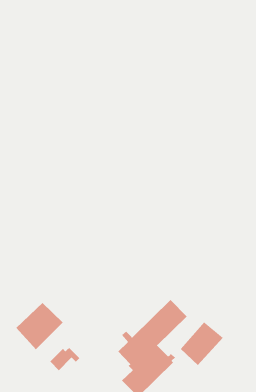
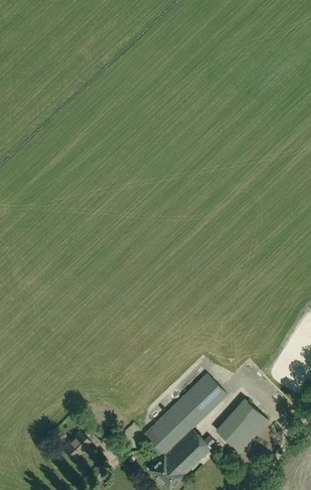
building: [15,302,64,350] -> none

